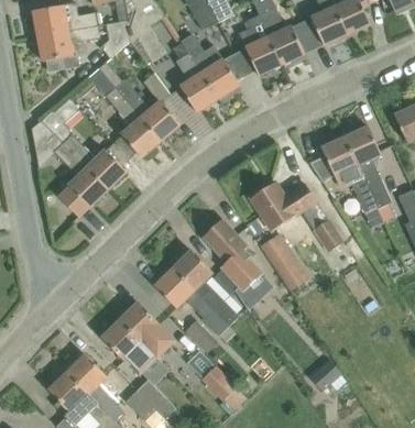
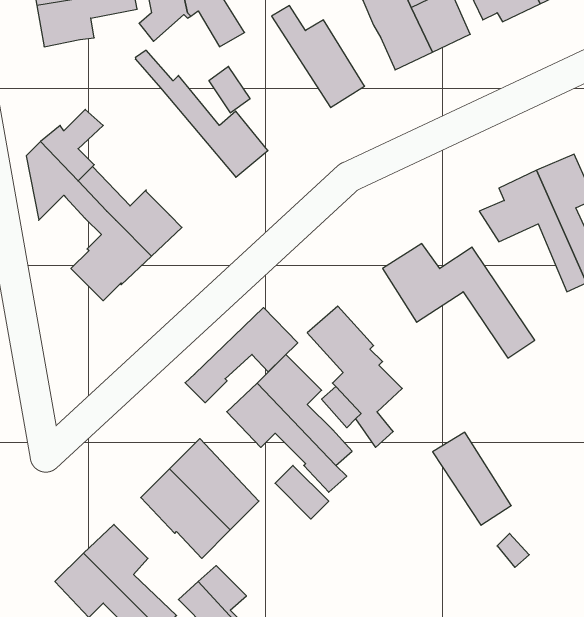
building: [171,42,218,112] -> none
building: [88,67,160,157] -> none
building: none -> [185,308,298,403]
building: [260,233,308,290] -> [433,432,511,525]
building: [186,350,236,398] -> none

